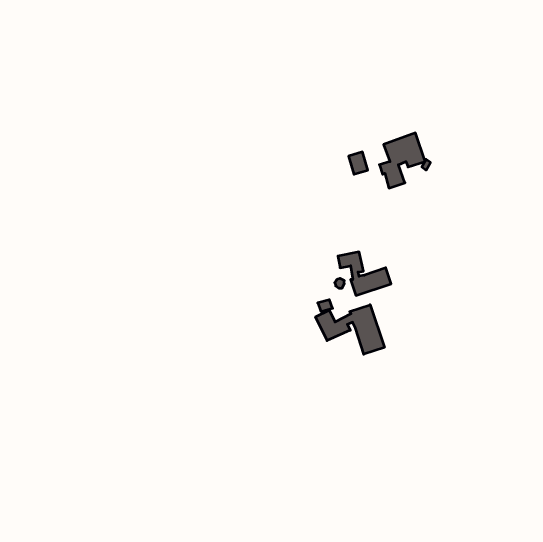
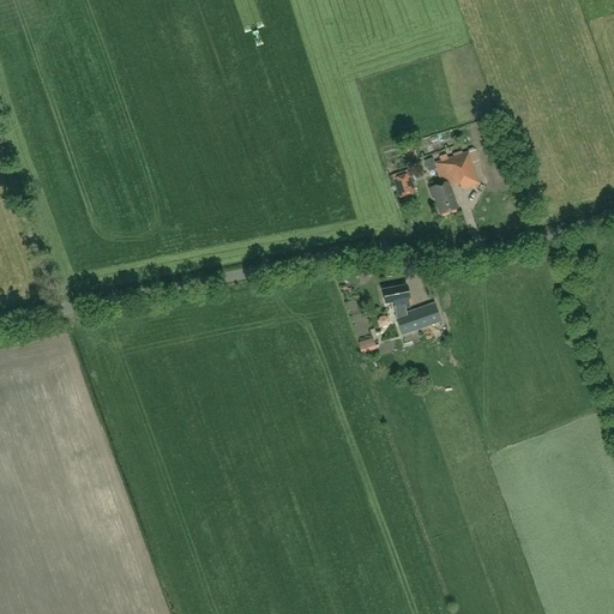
building: [316,305,384,354] -> none

